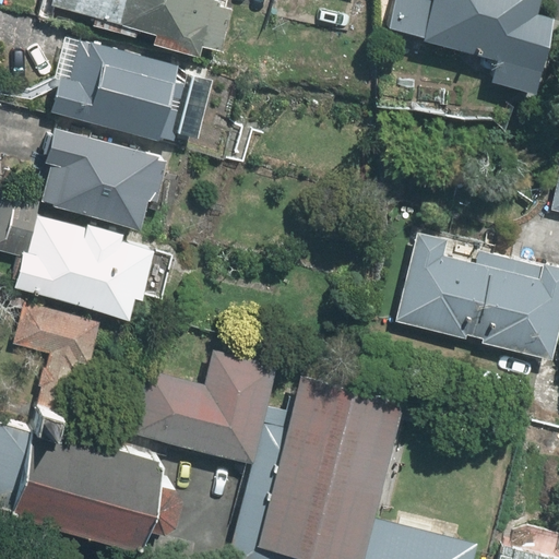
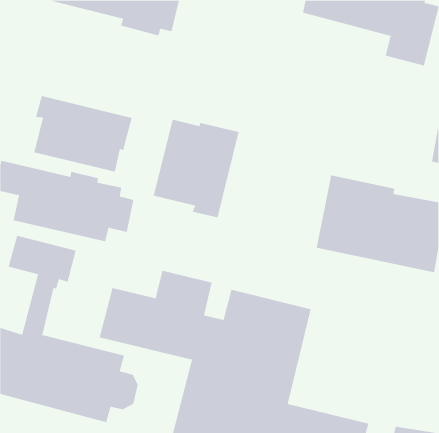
building: [53,38,219,142] -> none
building: none -> [153,119,239,218]

